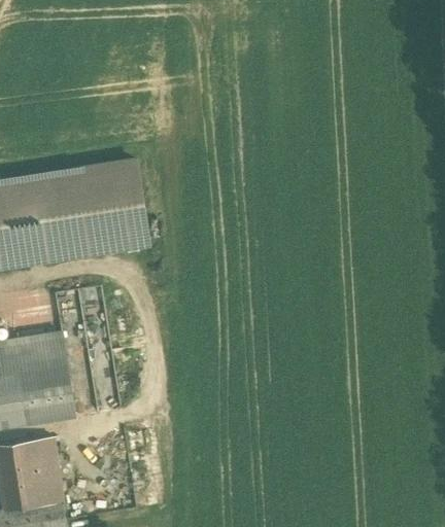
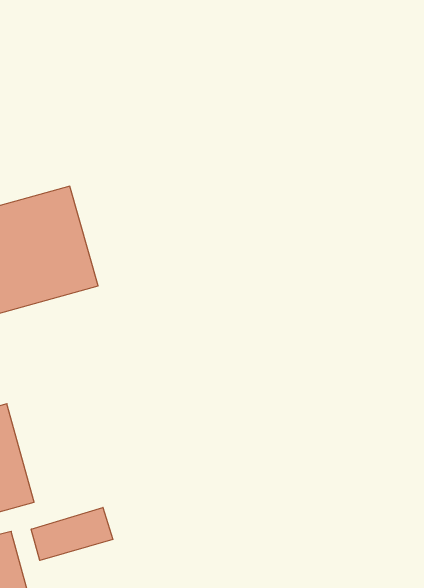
building: none -> [31,507,113,560]

